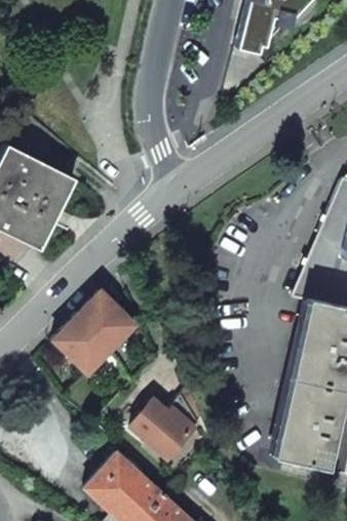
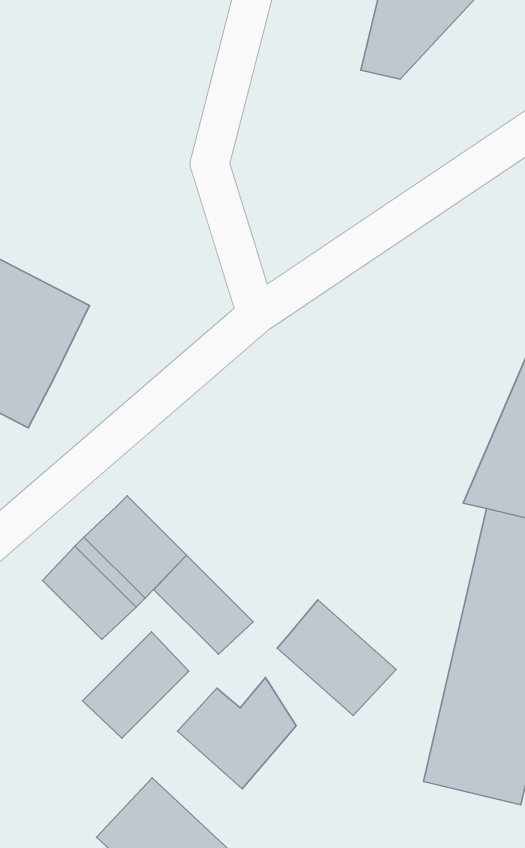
building: none -> [154,555,253,654]
building: none -> [277,600,396,716]
building: none -> [83,632,189,738]

